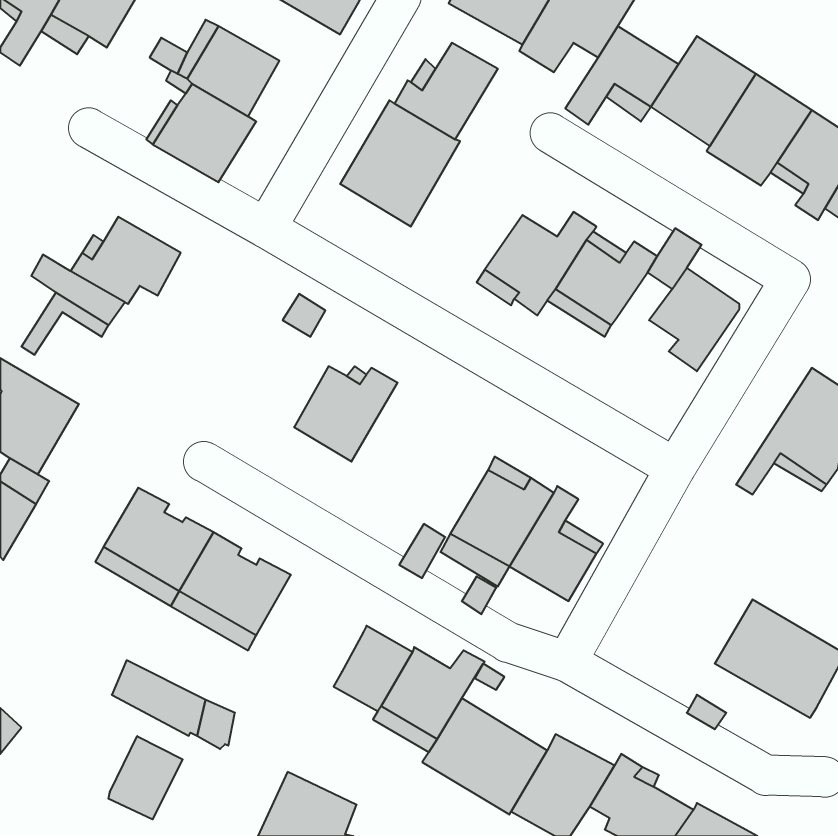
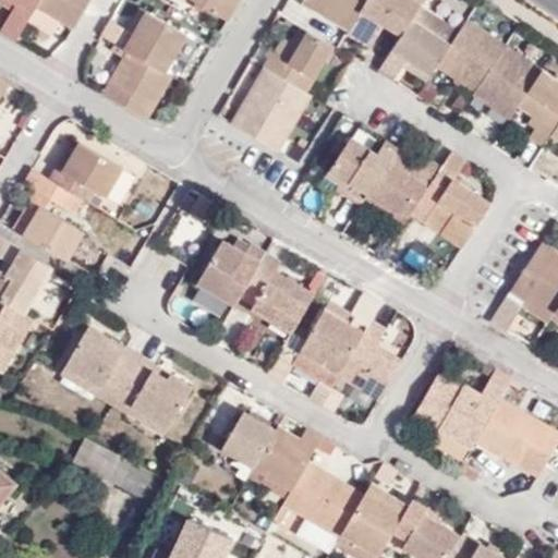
building: none -> [410,181,451,233]
building: none -> [24,207,86,262]
building: none -> [247,254,312,337]
building: none -> [412,368,512,459]
building: [108,736,183,819] -> none

